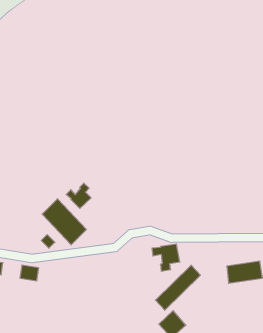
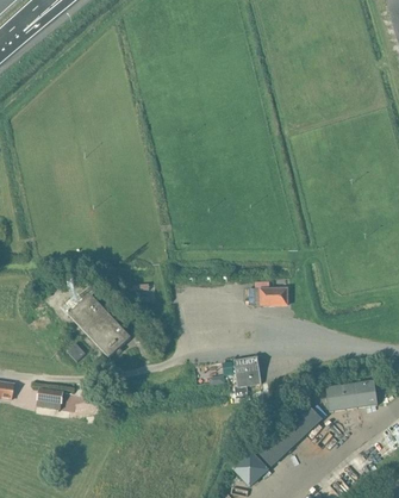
building: [66,183,91,208] -> none
building: none -> [254,285,287,303]
building: [155,265,200,310] -> [258,403,322,466]

